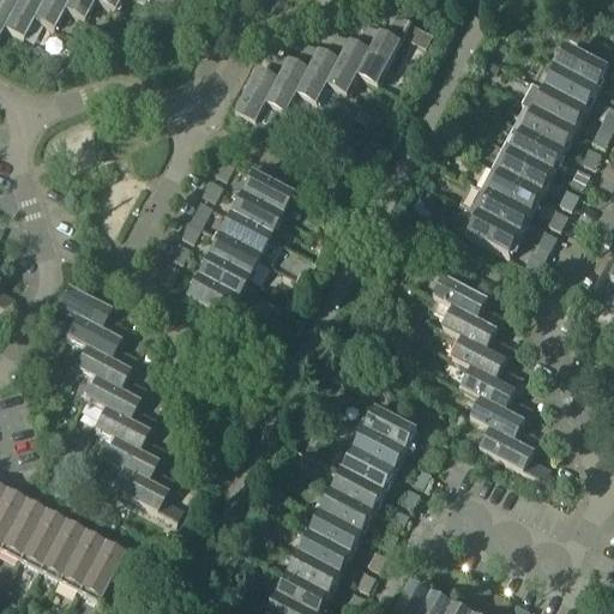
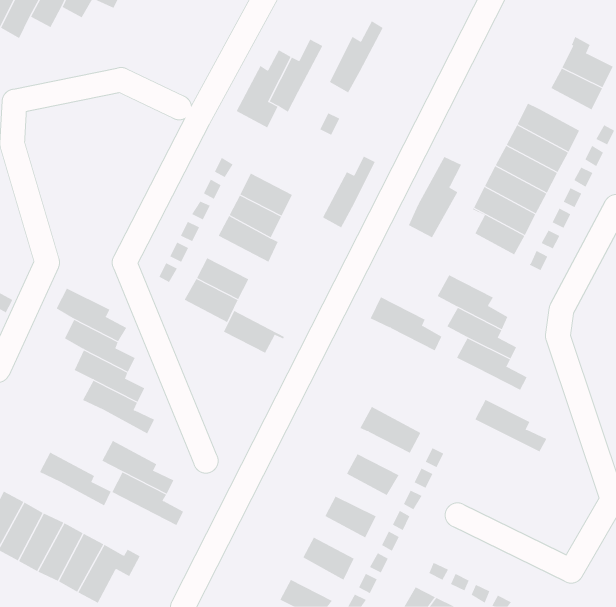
building: [357,11,411,82] -> none
building: [296,30,349,102] -> [322,156,375,228]
building: [535,88,586,130] -> none
building: none -> [408,156,462,238]
building: [205,234,266,277] -> [223,310,285,354]
building: [460,365,532,419] -> [370,297,442,351]
building: [91,407,163,460] -> [39,452,112,506]
building: [480,426,552,478] -> none
building: [354,428,407,471] -> none
building: [332,470,384,512] -> none
building: [311,512,362,554] -> none
building: [288,553,341,596] -> none

